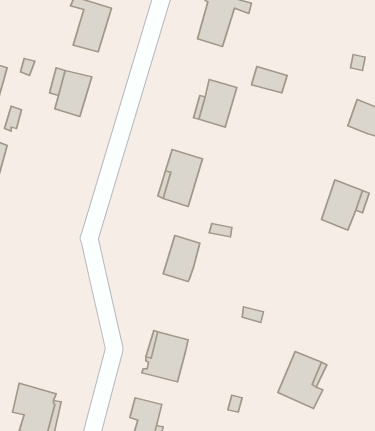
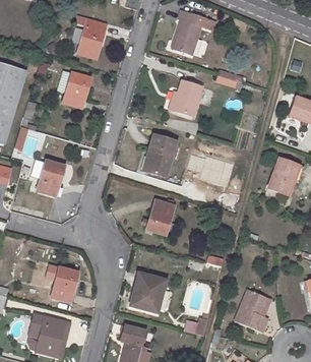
building: none -> [37,161,65,195]
building: none -> [52,267,78,302]

